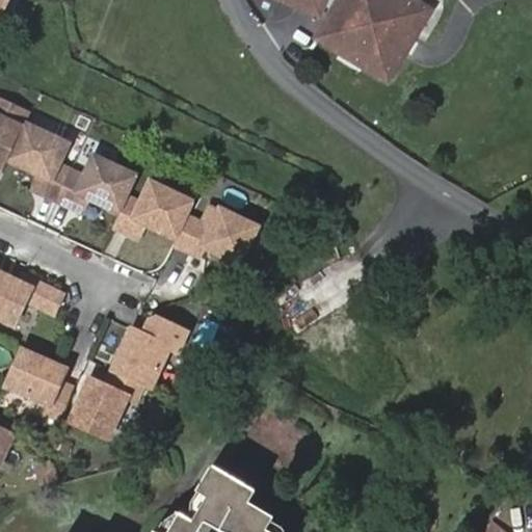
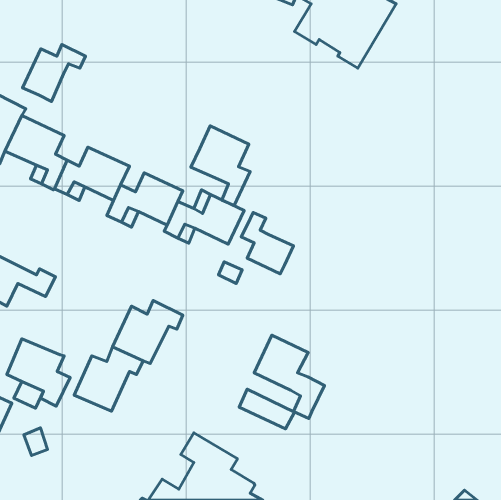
building: none -> [22,45,86,101]
building: none -> [191,126,250,206]
building: none -> [241,212,293,274]
building: none -> [254,335,325,418]

